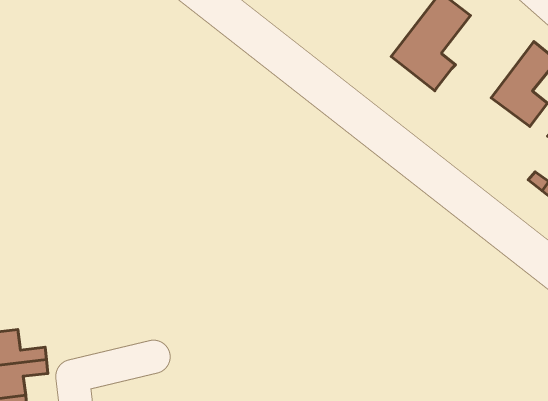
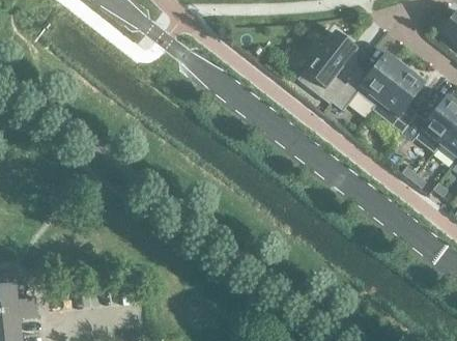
building: none -> [331,52,404,109]

